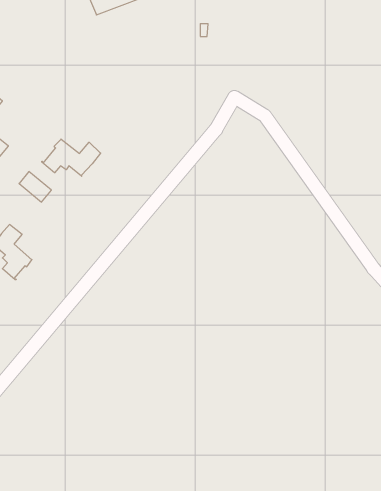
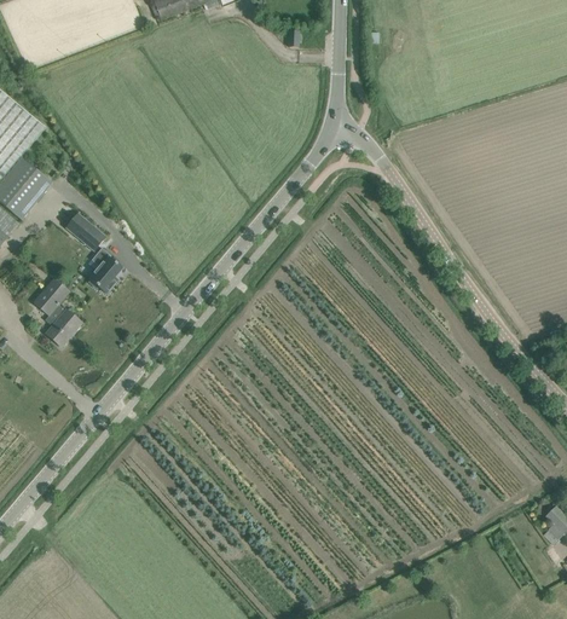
building: [42,139,101,176] -> none
building: none -> [89,247,122,293]

